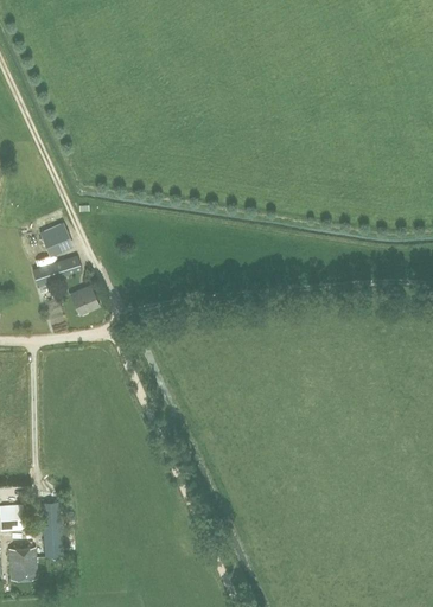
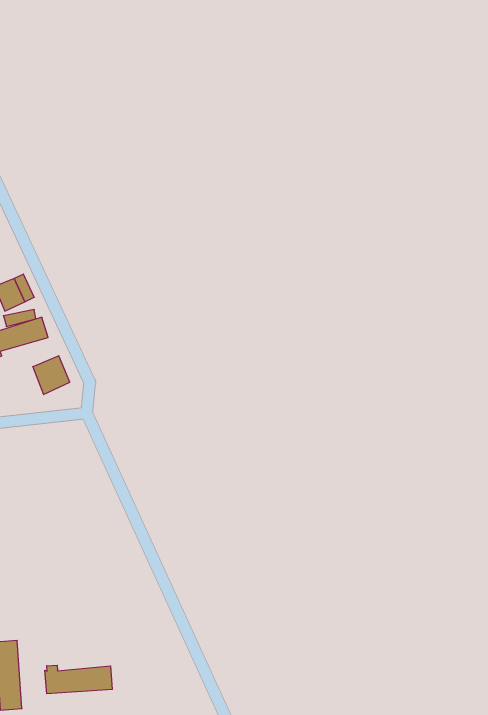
building: none -> [45,665,112,694]

